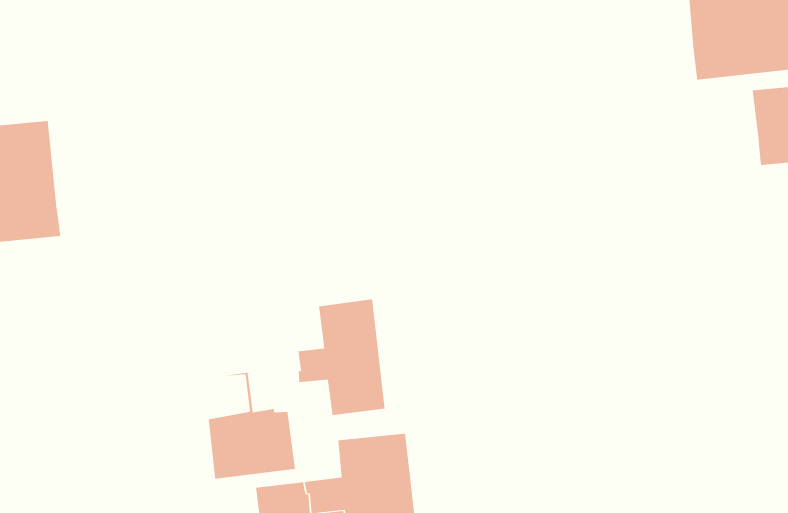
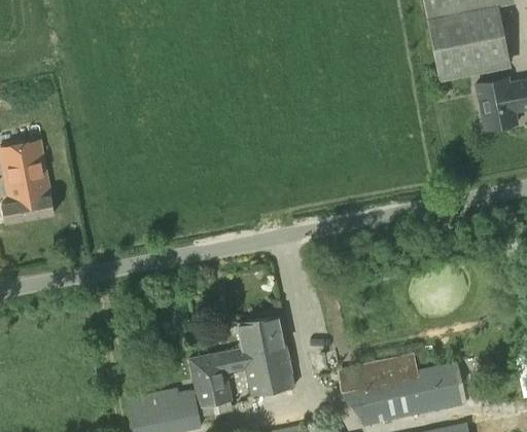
building: [298,299,385,416] -> none
building: [203,372,295,479] -> none

